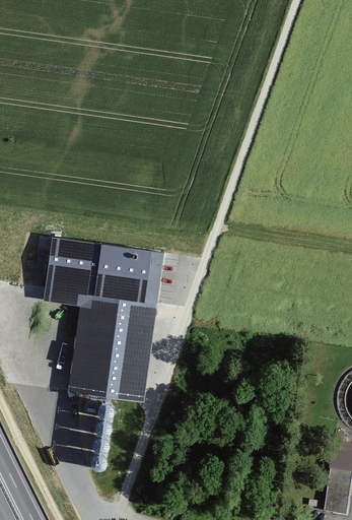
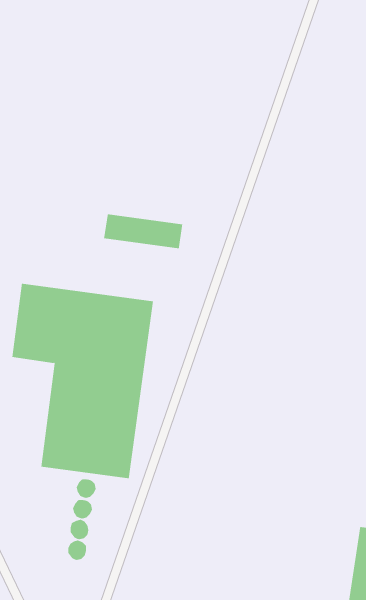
building: none -> [104,213,183,249]

